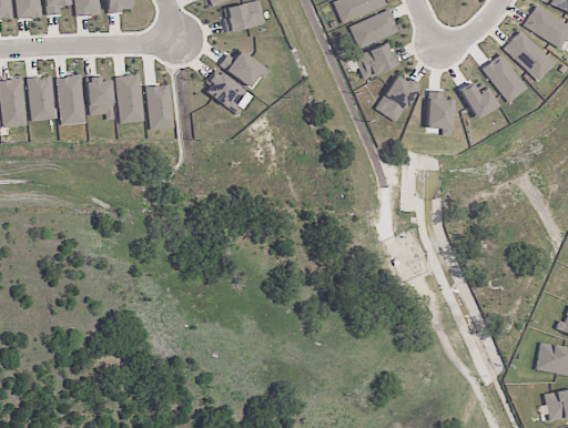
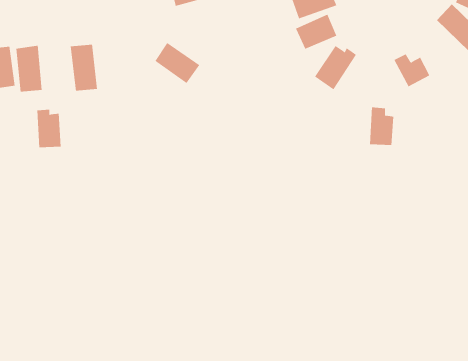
building: [219,50,264,86] -> none
building: [483,52,526,102] -> none
building: [87,75,113,116] -> [37,109,62,148]
building: [146,84,173,129] -> none
building: [426,90,453,131] -> [369,107,394,146]

